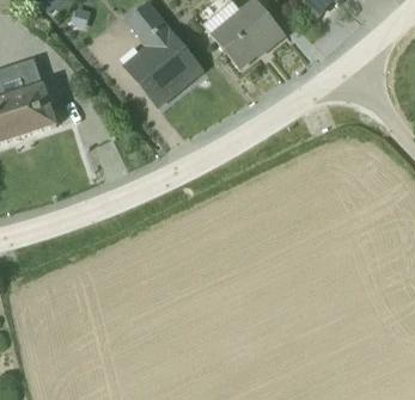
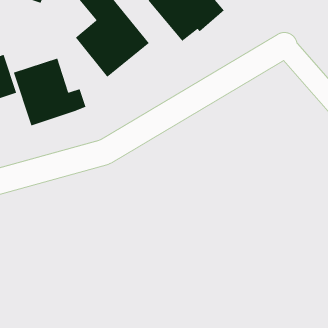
building: none -> [13,57,86,127]

